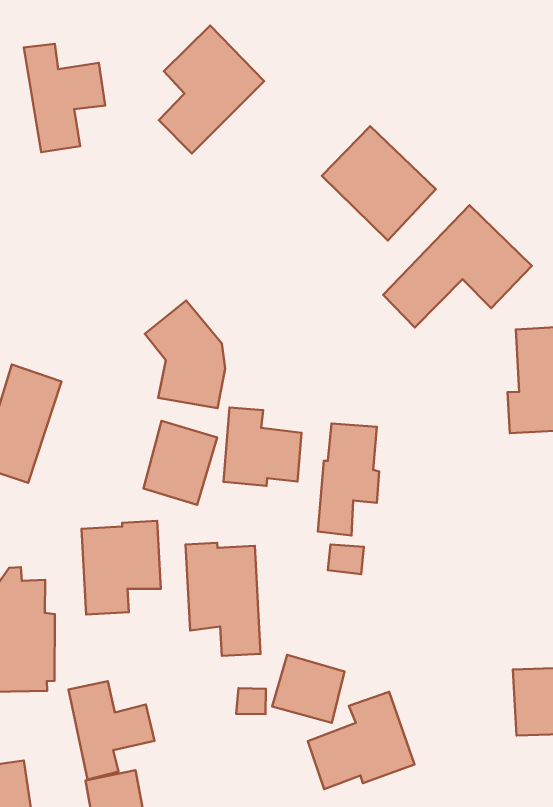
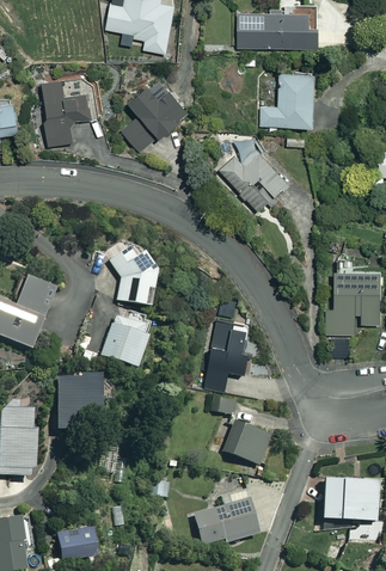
building: none -> [262,73,312,127]
building: [383,205,532,328] -> none
building: [223,408,301,486] -> none
building: [185,543,261,656] -> none
building: [272,655,345,723] -> [222,420,268,463]
building: [69,681,154,779] -> none

